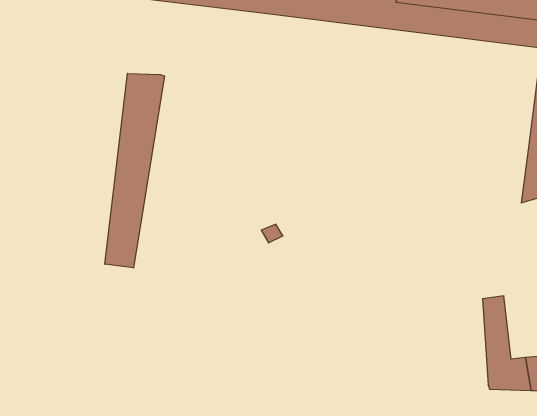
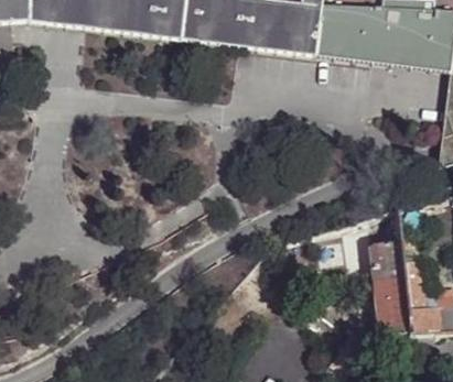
building: [105,73,164,268] -> none
building: none -> [374,238,409,331]

